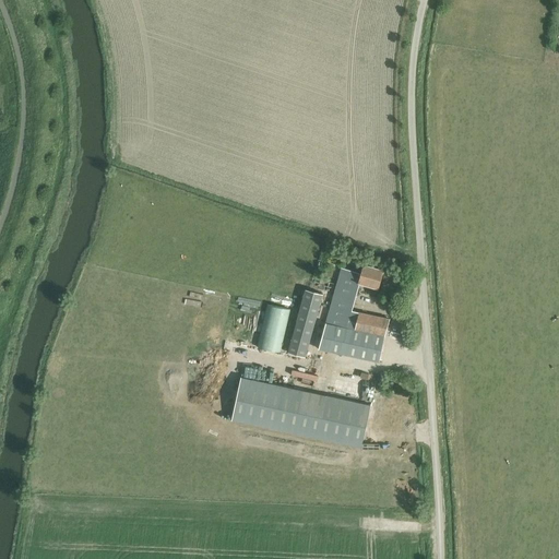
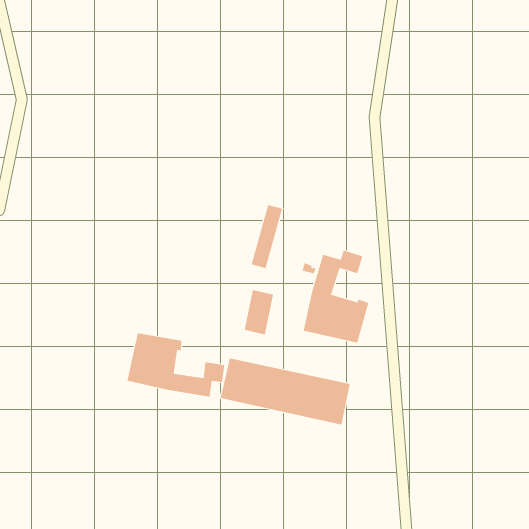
building: [287,289,321,357] -> [251,204,283,269]
building: none -> [127,332,225,398]

